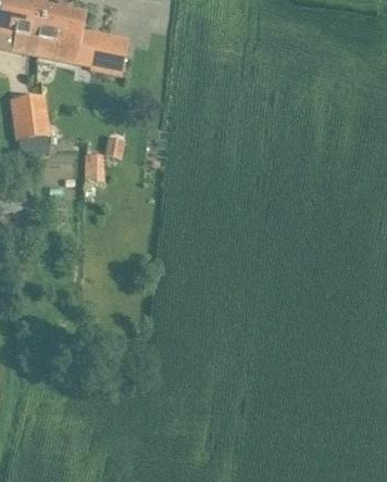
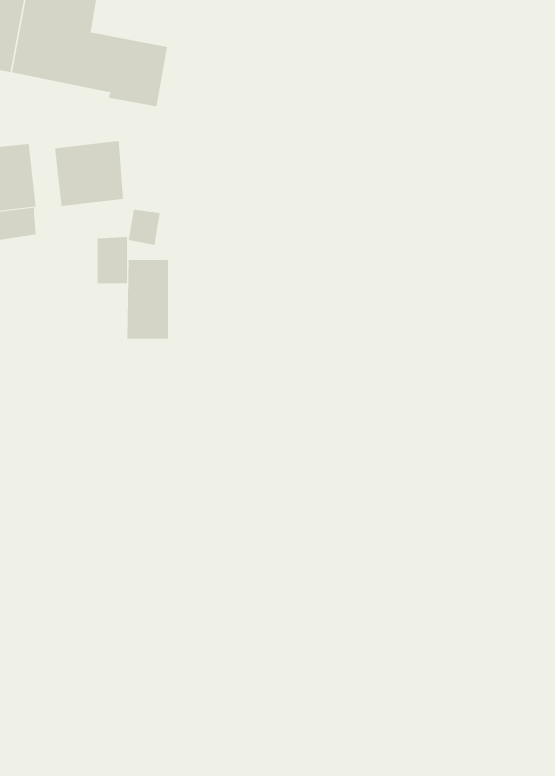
building: none -> [55,140,124,207]
building: none -> [127,259,169,340]

